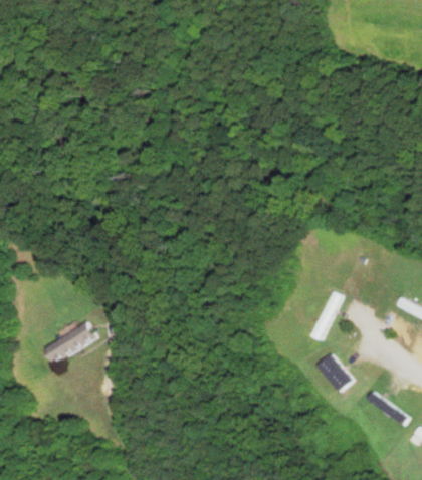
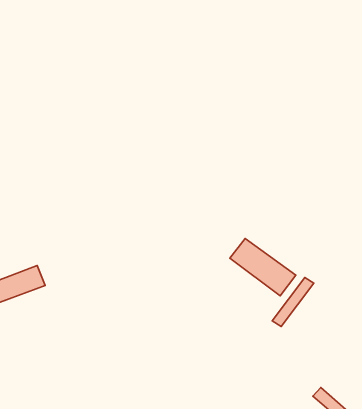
building: none -> [230,238,296,296]
building: [315,353,353,391] -> none

